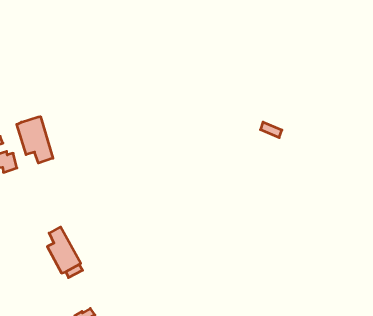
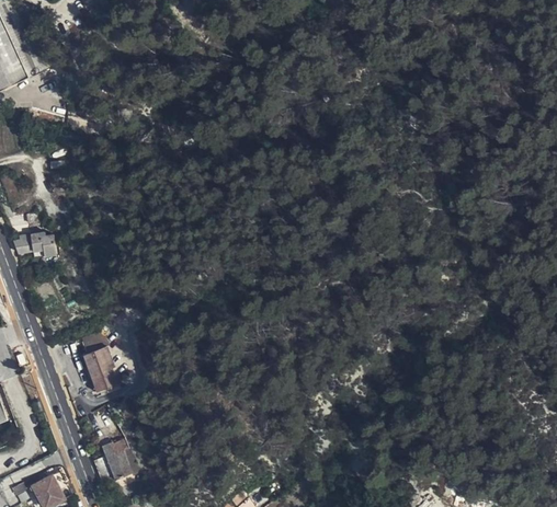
building: [17,117,53,163] -> none

